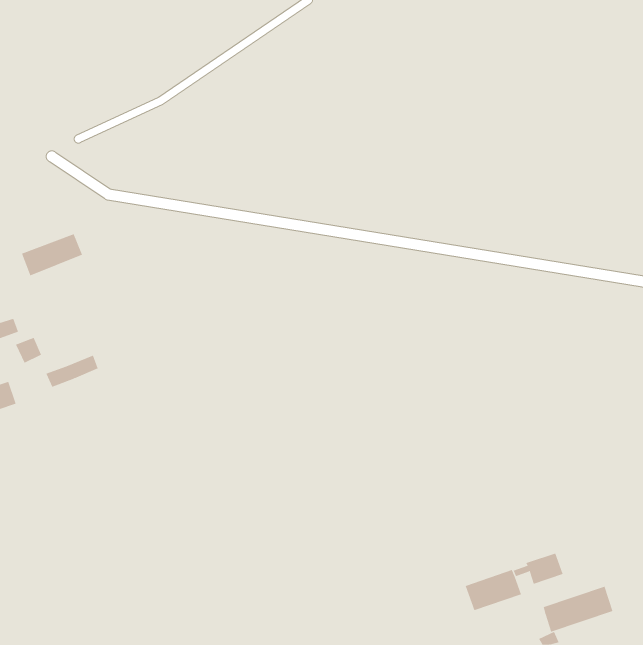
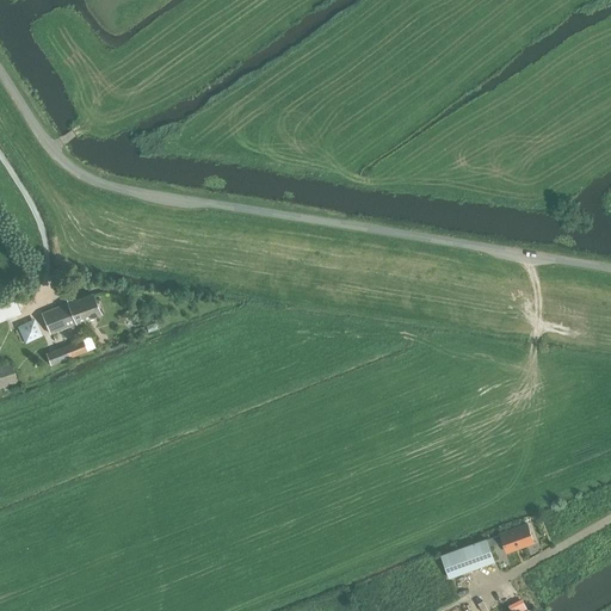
building: [21,233,83,276] -> [39,294,98,334]
building: [542,586,613,632] -> none

